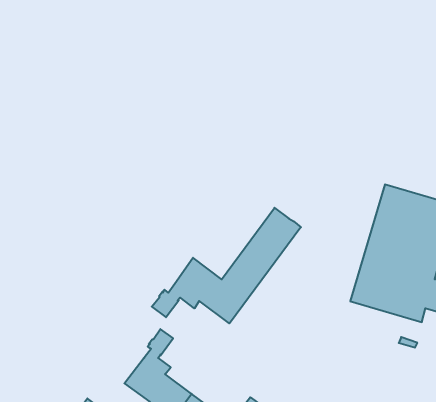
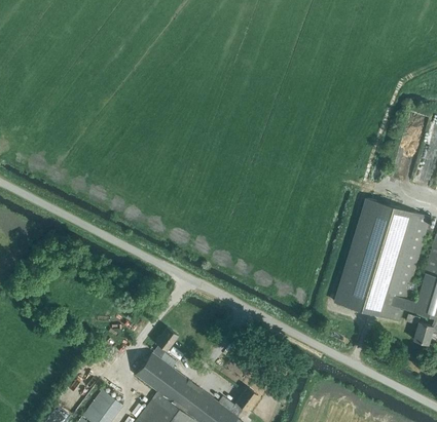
building: [152,208,301,323] -> none

